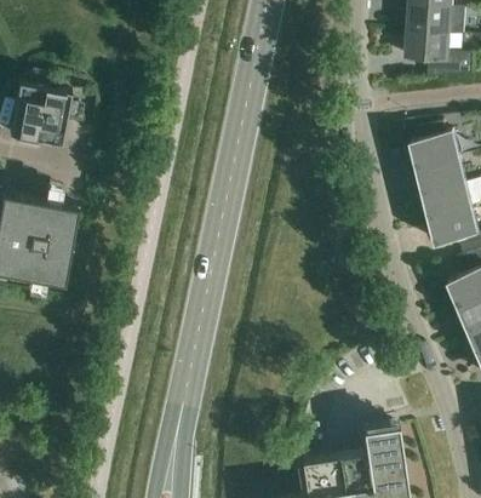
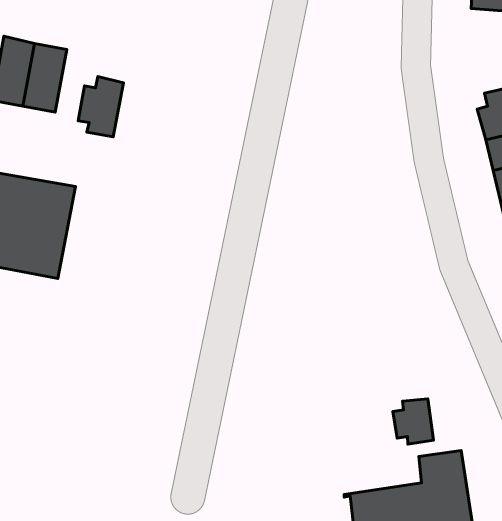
building: none -> [78,77,123,137]
building: none -> [393,399,434,444]

